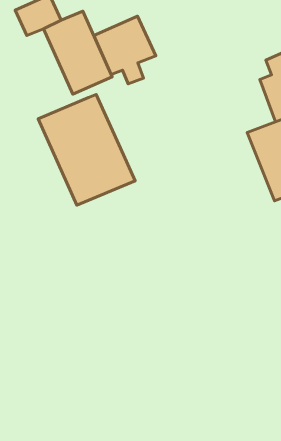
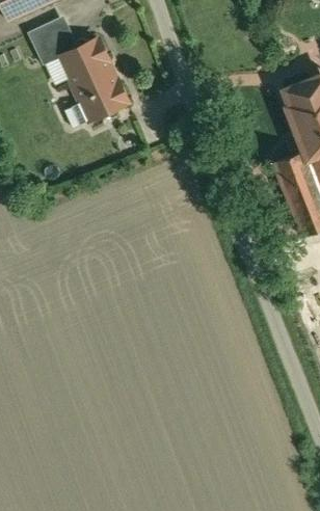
building: [94,16,156,84] -> none
building: [38,95,135,205] -> none

